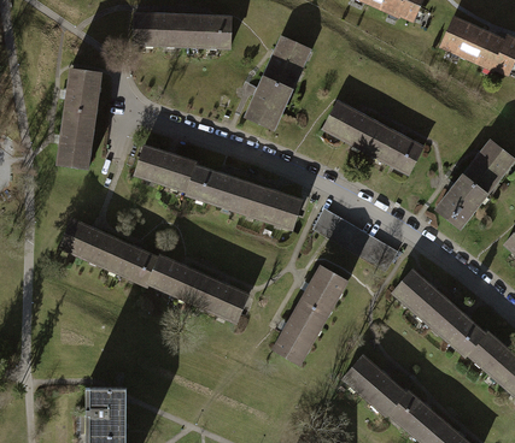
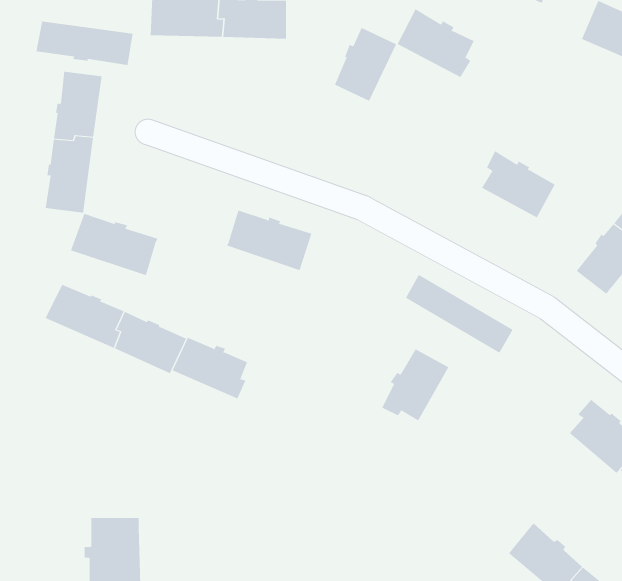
building: none -> [36,20,133,66]
building: [246,78,289,129] -> none
building: [323,102,379,152] -> [397,9,474,78]
building: [134,147,197,191] -> [70,213,158,276]
building: [240,184,302,229] -> none
building: [392,270,447,326] -> none
building: [195,276,247,321] -> none
building: [273,308,324,365] -> none
building: [344,356,404,414] -> none

